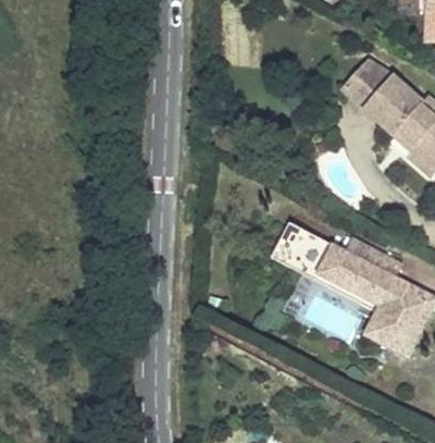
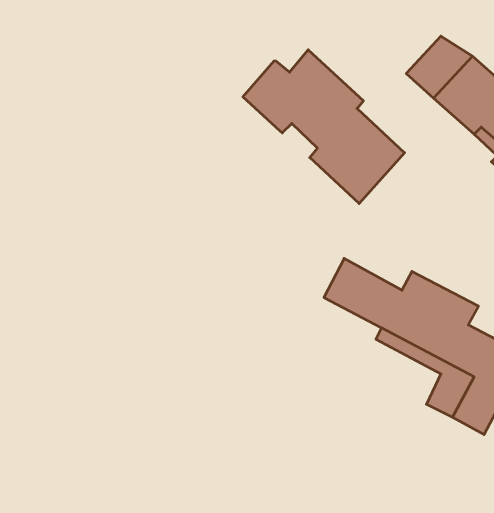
building: none -> [243,50,405,204]

